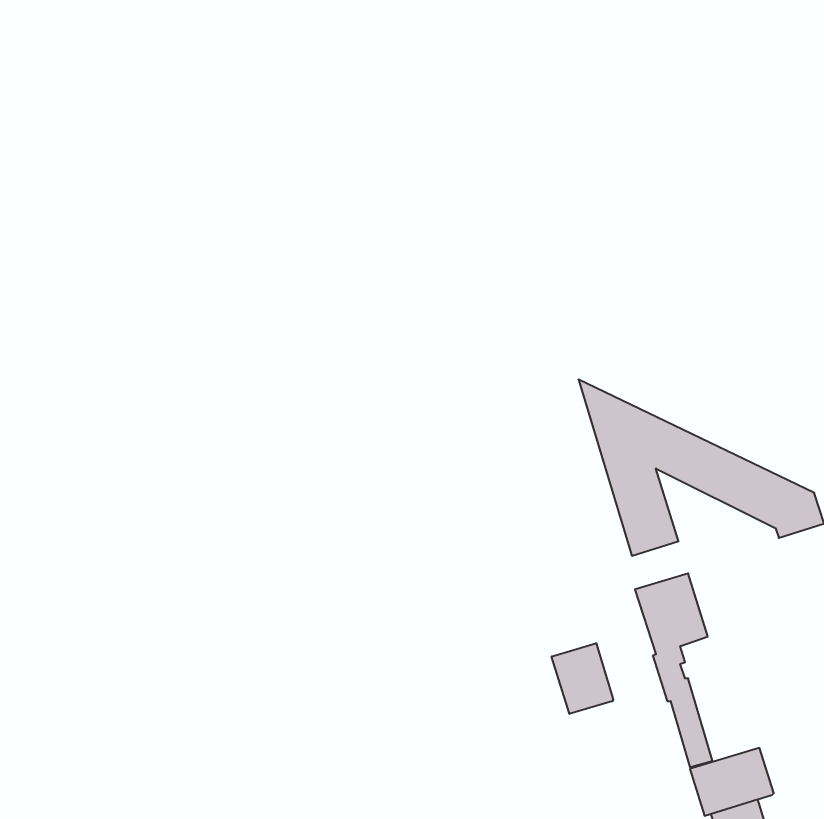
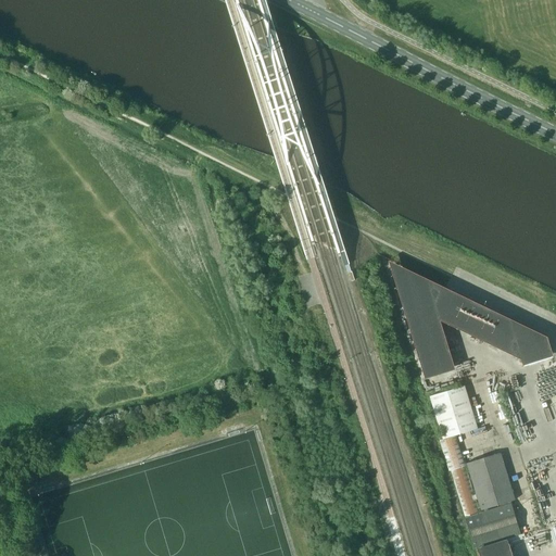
building: [552,643,613,714] -> none
building: none -> [466,457,514,515]

